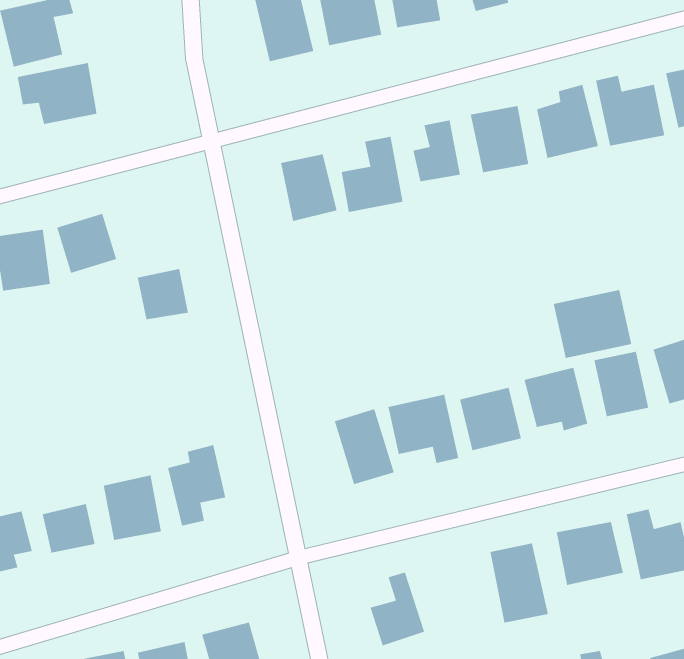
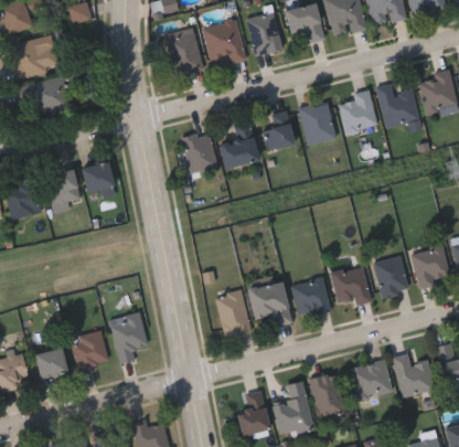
building: [137,268,189,320] -> [82,161,114,193]
building: [553,289,632,359] -> none
building: none -> [273,380,313,435]

